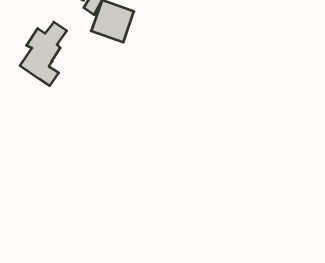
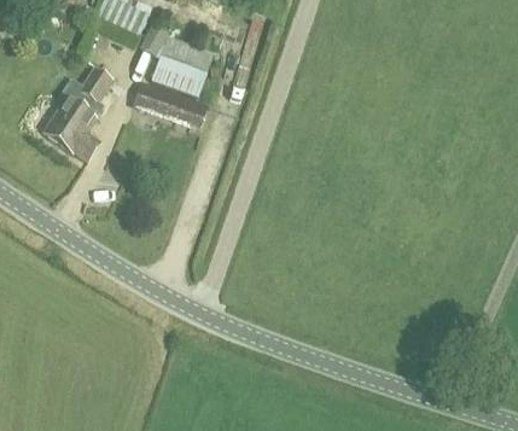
building: none -> [134,81,204,130]

